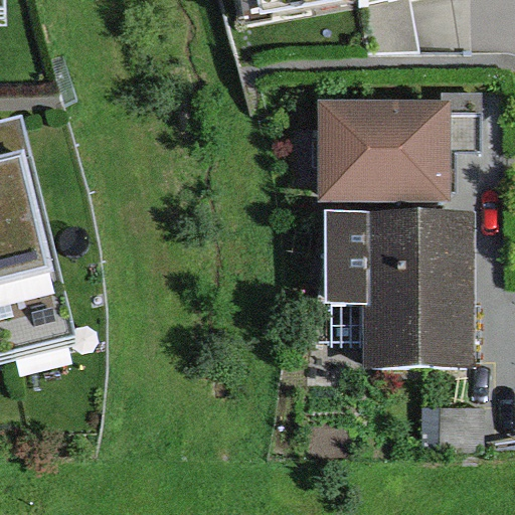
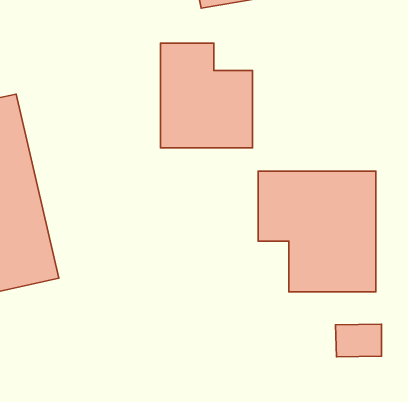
building: none -> [161,43,253,148]
building: [320,100,445,198] -> none

